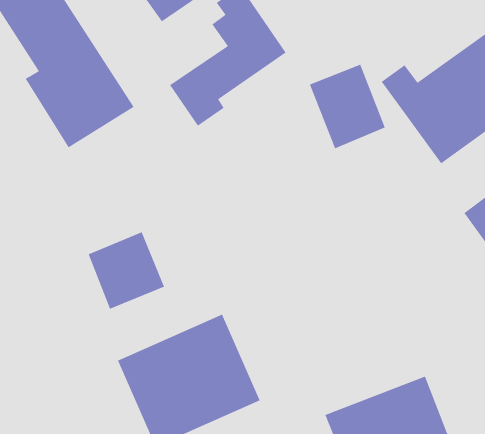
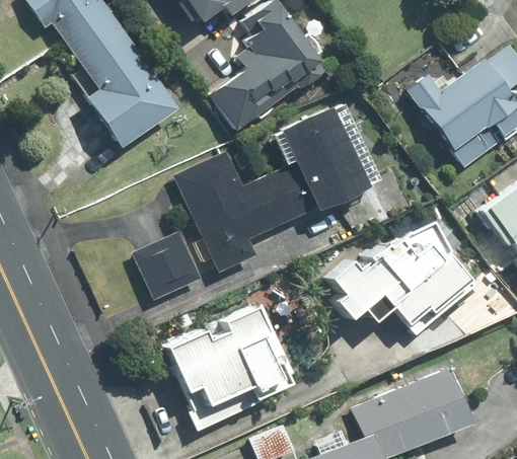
building: [309,64,386,149] -> none
building: none -> [179,99,374,271]
building: none -> [326,214,476,336]

